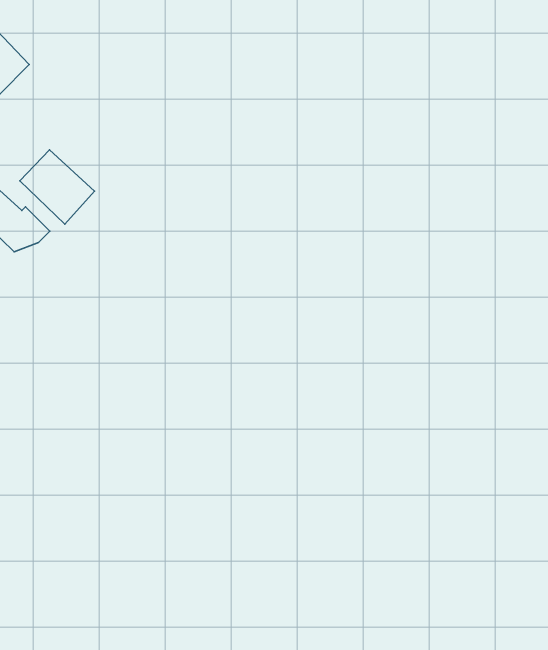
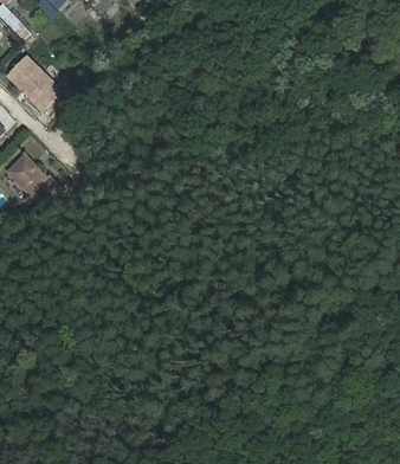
building: [20,150,94,224] -> none

